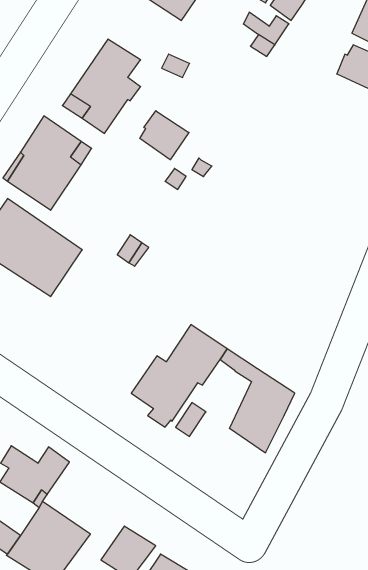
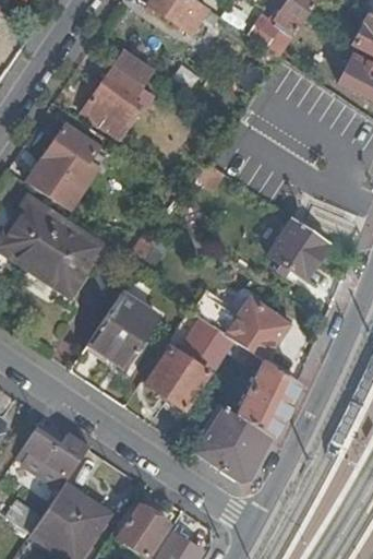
building: [140,111,189,160] -> none
building: none -> [267,218,328,280]
building: none -> [87,293,158,366]
building: none -> [200,293,287,359]
building: none -> [193,406,270,479]

